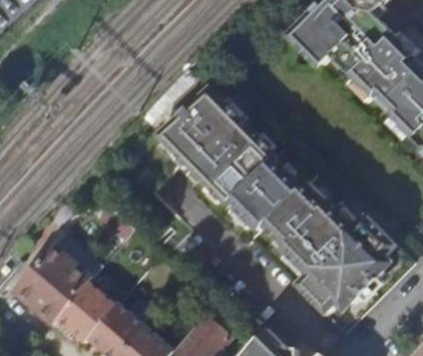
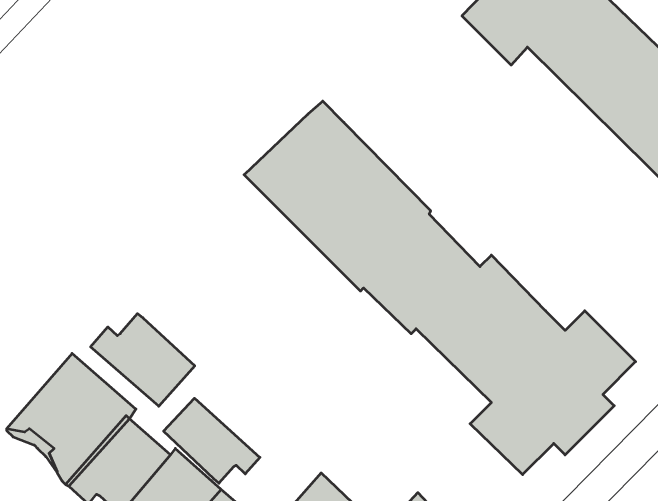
building: none -> [91,314,195,406]
building: none -> [164,398,260,483]

